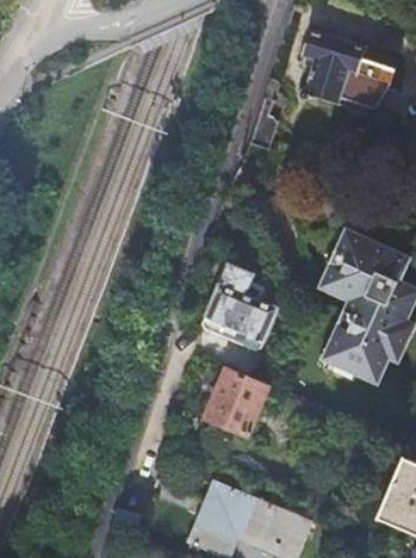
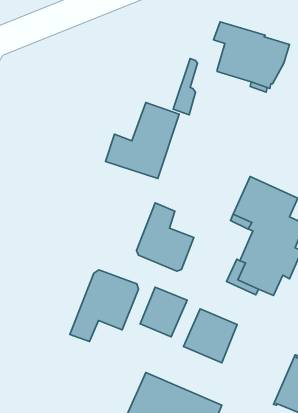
building: none -> [106,102,179,178]
building: none -> [70,270,138,341]
building: none -> [184,309,237,363]

